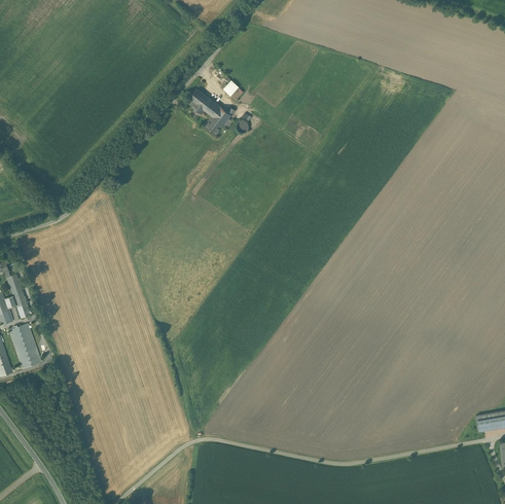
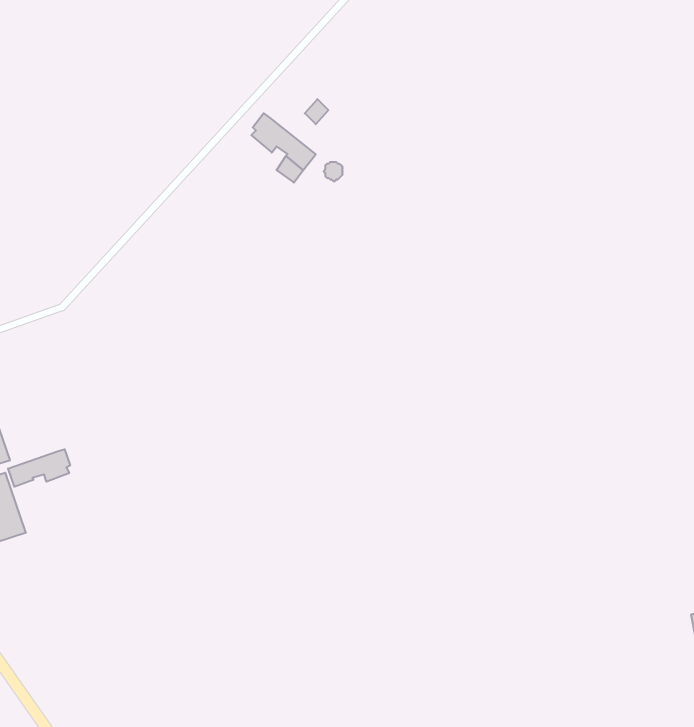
building: none -> [8,449,70,487]

